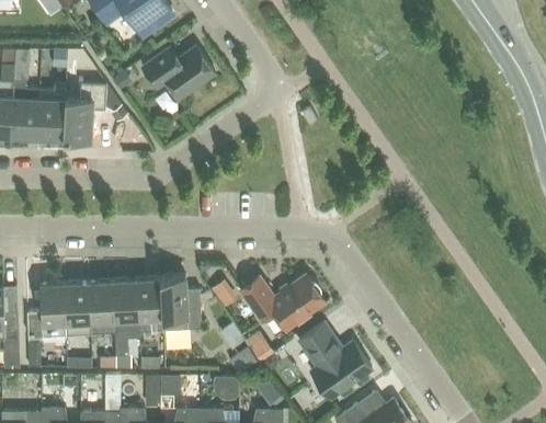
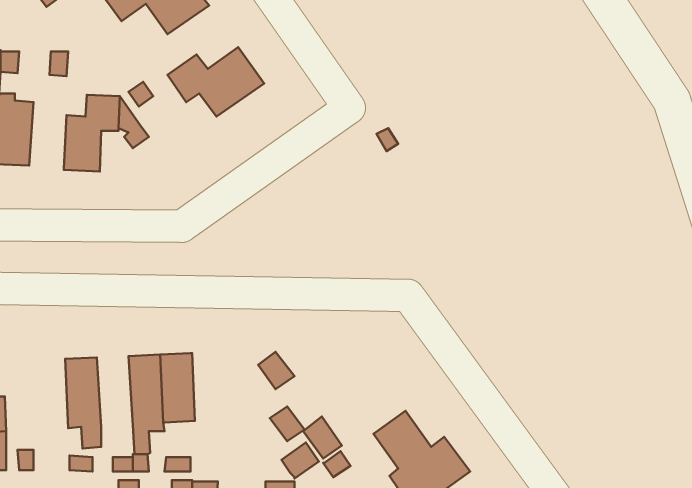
building: [36,84,66,139] -> none
building: [160,276,201,331] -> none
building: [239,276,323,330] -> none
building: [88,282,115,335] -> none
building: [26,284,66,339] -> none

